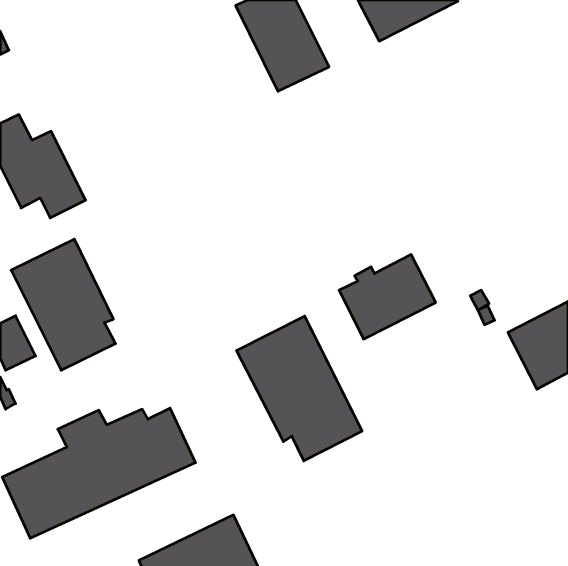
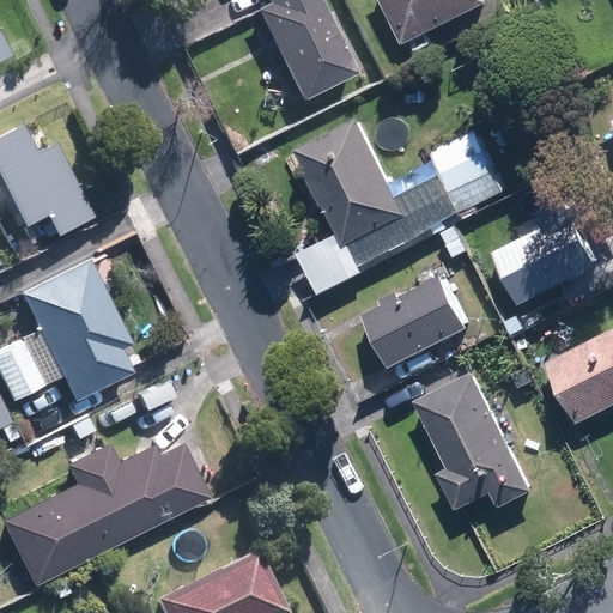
building: none -> [296,119,504,295]
building: none -> [494,196,597,302]
building: [237,316,362,461] -> none
building: none -> [414,371,532,508]

